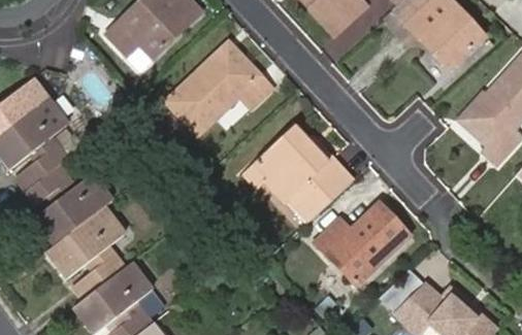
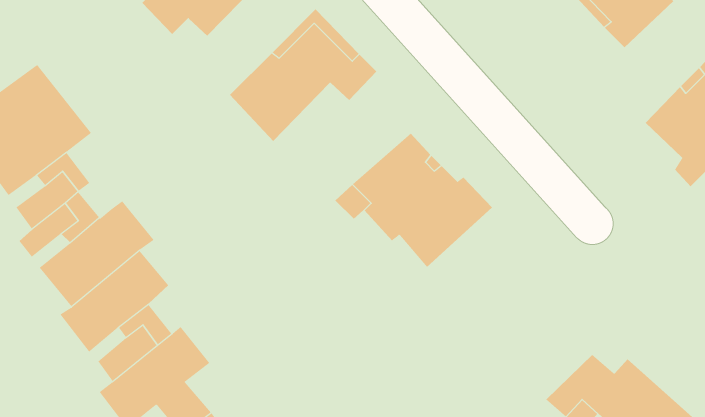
building: [316,202,410,287] -> none

